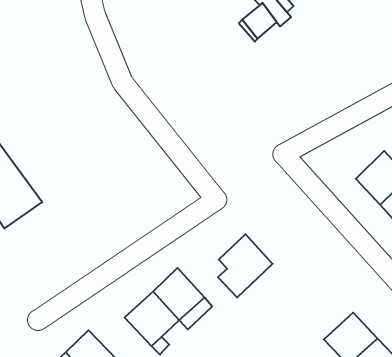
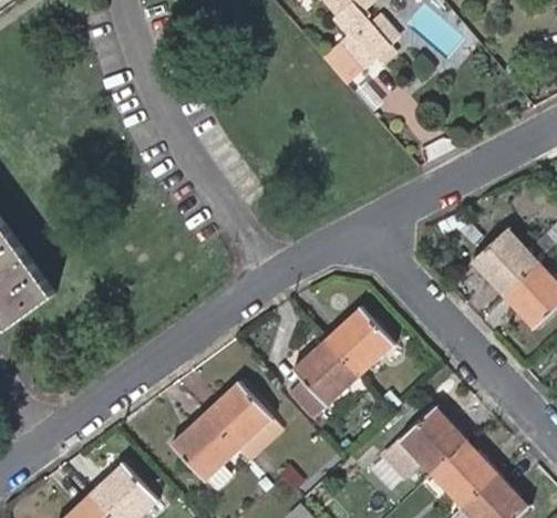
building: none -> [326,304,393,374]
building: none -> [398,405,467,474]

